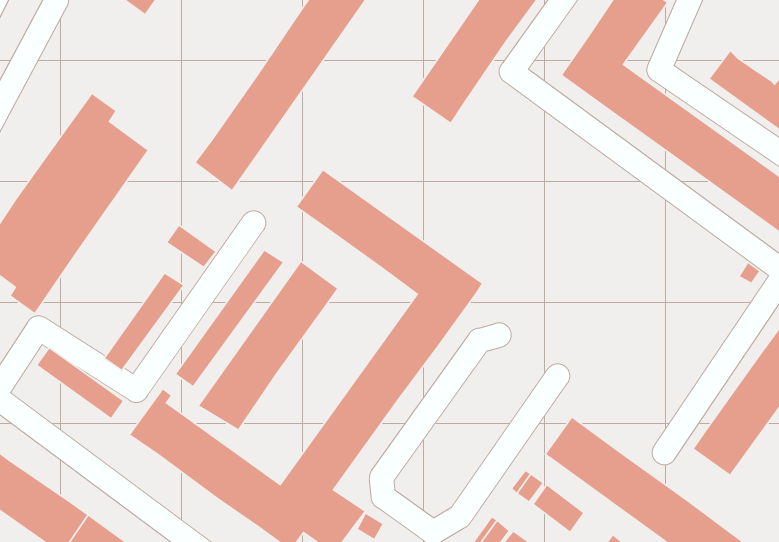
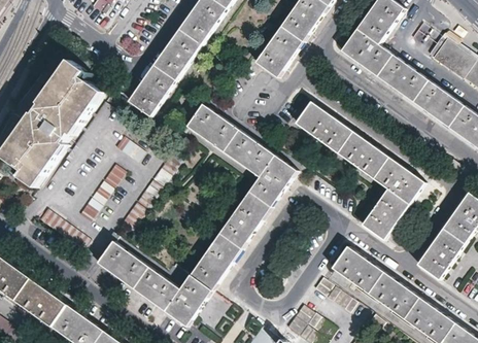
building: none -> [296,102,423,241]
building: [198,261,338,430] -> none

